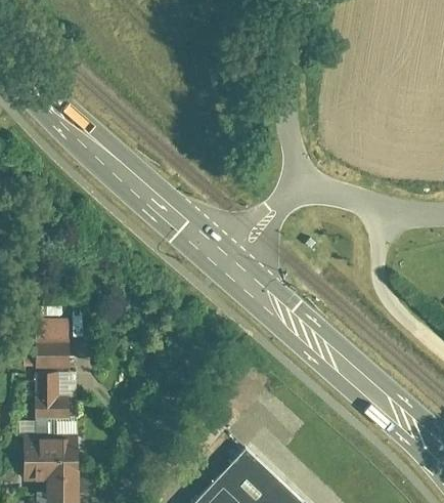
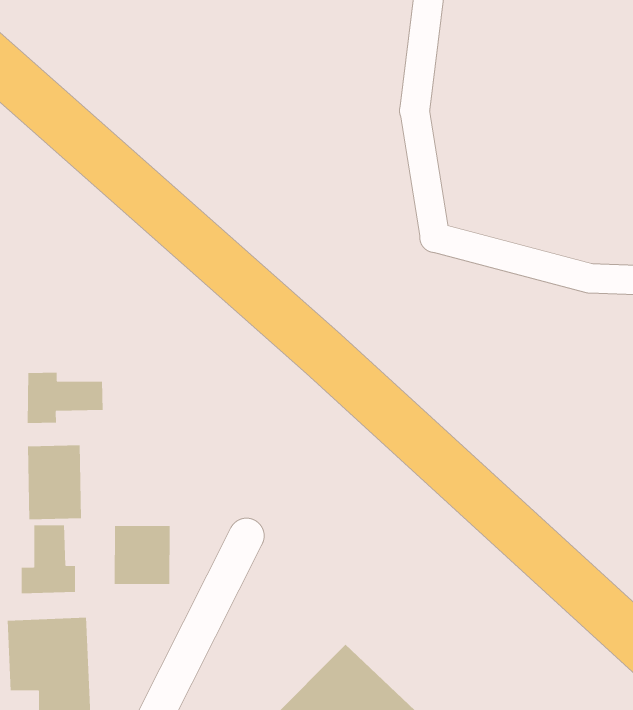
building: none -> [27,372,103,424]
building: none -> [114,525,170,585]

